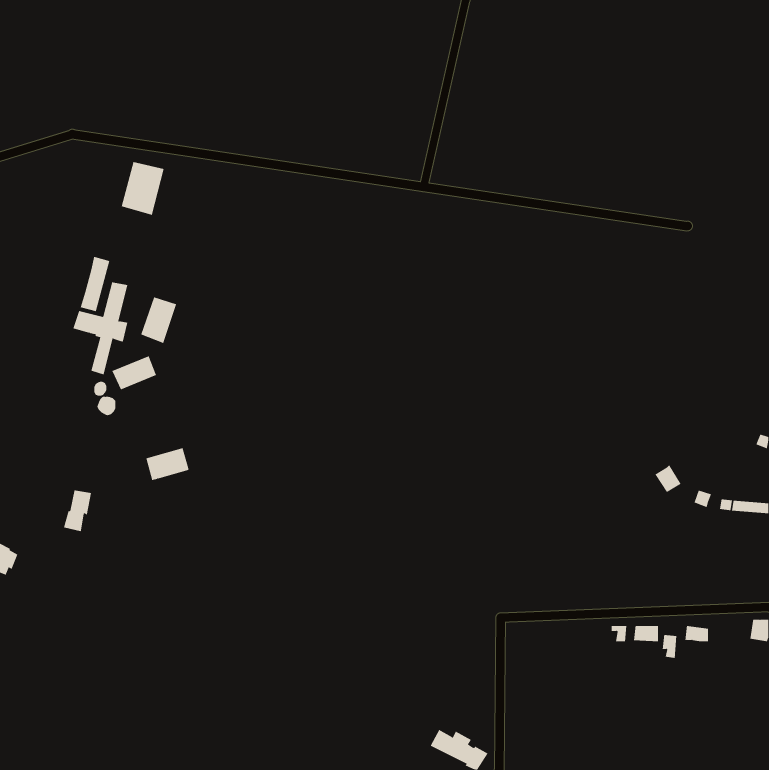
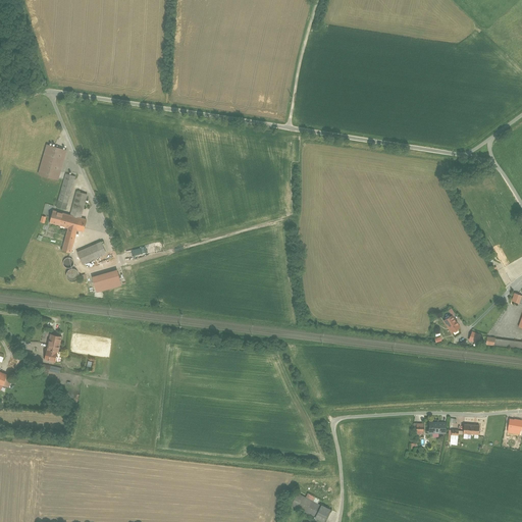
building: [121,161,165,216] -> [37,144,66,180]
building: [141,297,177,344] -> none
building: [145,448,189,481] -> [92,270,121,293]

